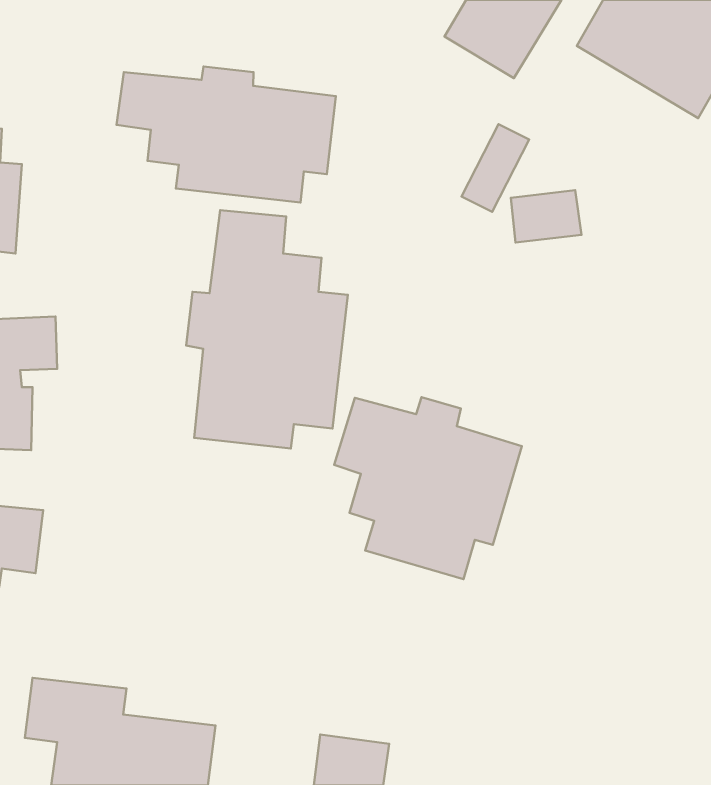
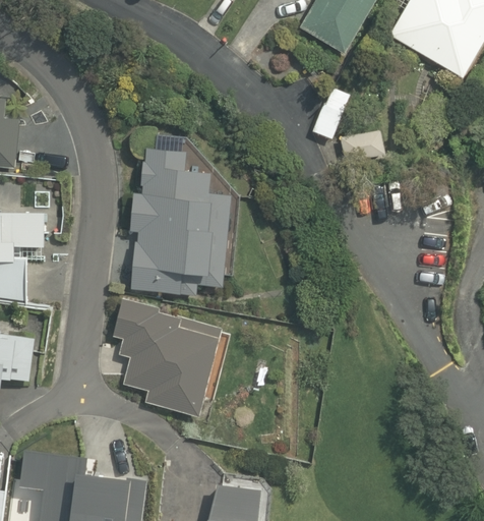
building: [117,66,336,203] -> none
building: [334,397,522,579] -> none
building: none -> [108,300,222,418]

